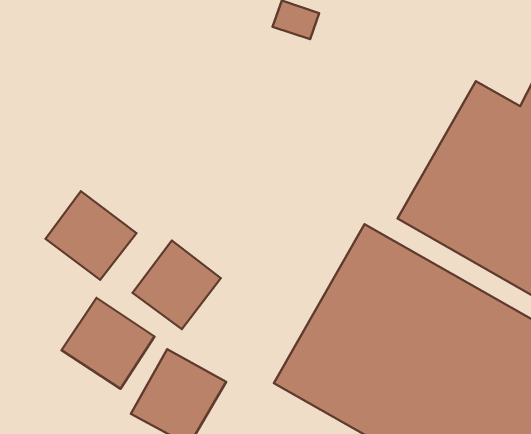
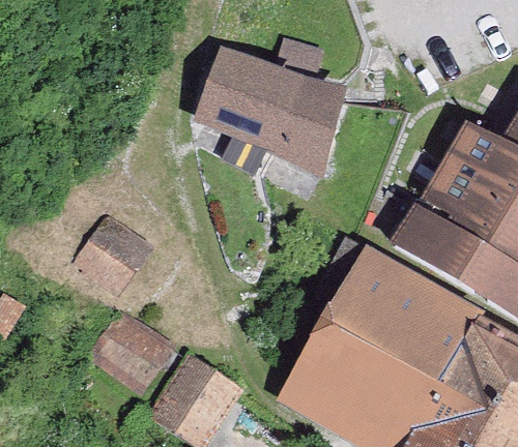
building: none -> [202,56,353,183]
building: [132,241,221,329] -> none

